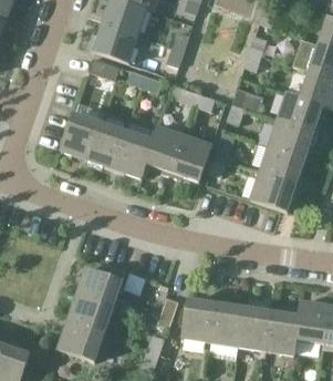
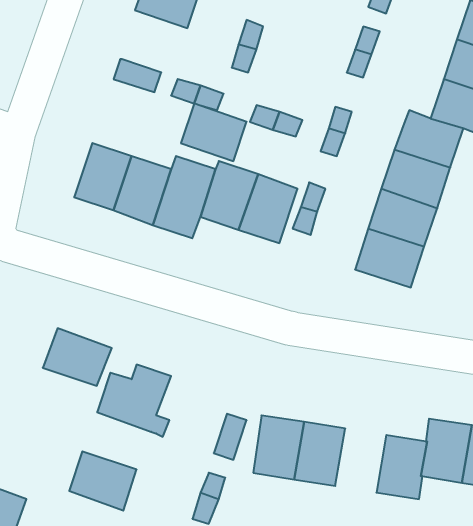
building: [93,24,137,63] -> [181,104,247,161]
building: [66,296,113,334] -> [43,328,112,386]
building: [237,307,271,350] -> none

